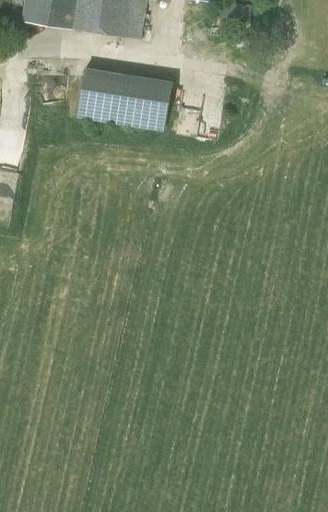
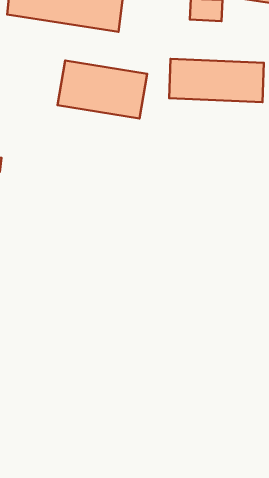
building: none -> [169,59,264,102]

